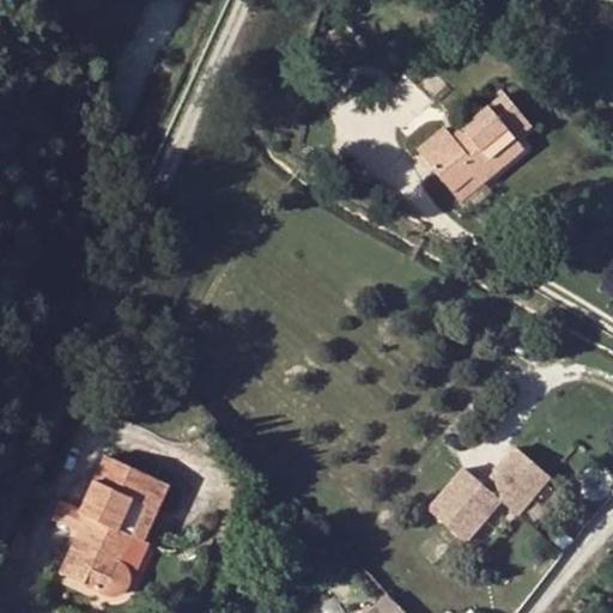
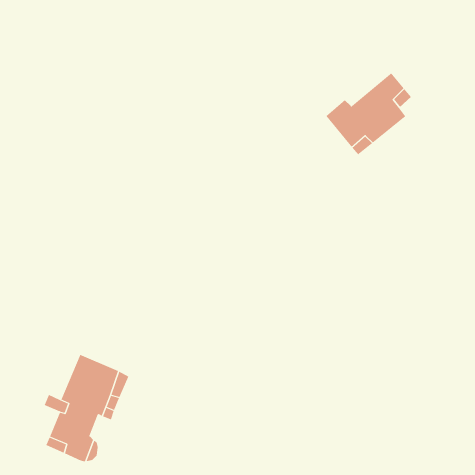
building: [427,448,550,542] -> none

